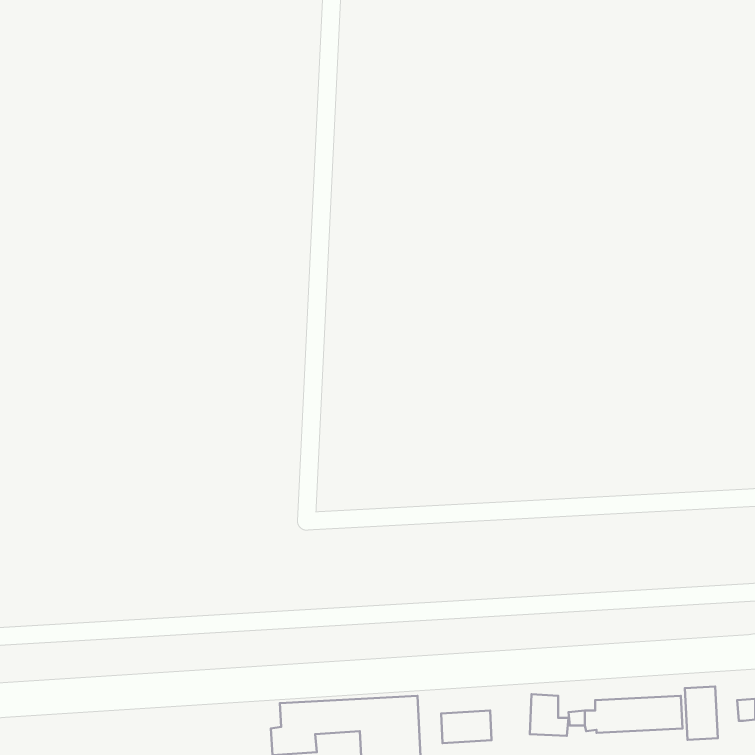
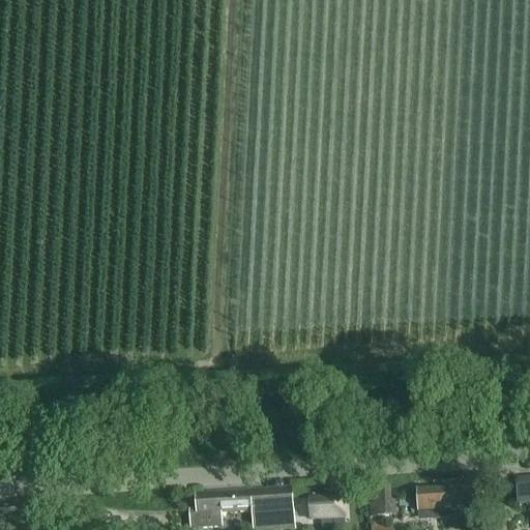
building: [685,686,718,740] -> none

